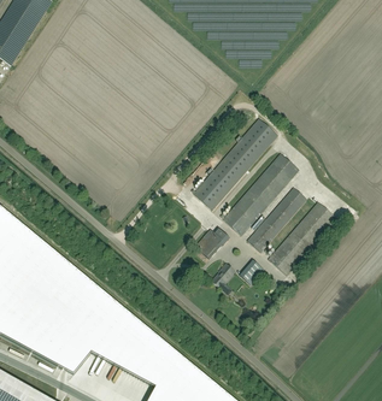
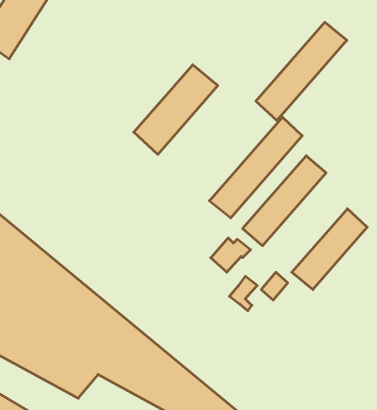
building: none -> [256,22,347,121]
building: none -> [134,65,218,154]
building: [246,188,306,253] -> none

